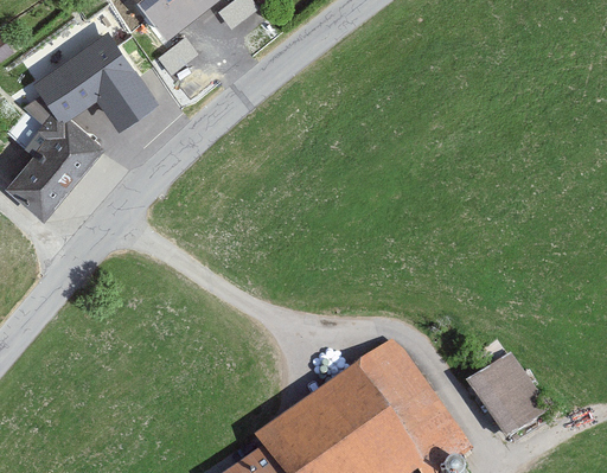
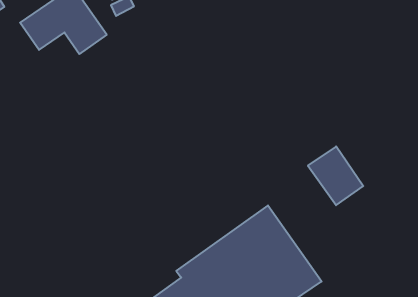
building: [7,116,100,215] -> none
building: [475,358,555,442] -> [308,146,363,205]

